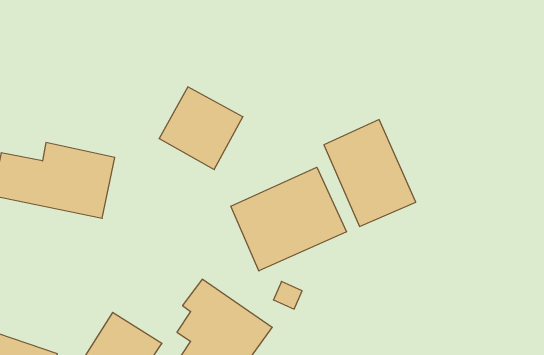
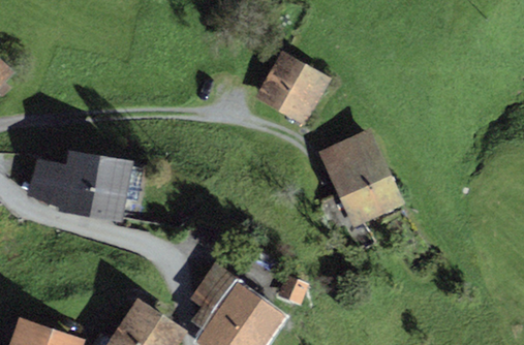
building: [159,87,243,170] -> [257,53,333,127]
building: [231,167,346,271] -> none

